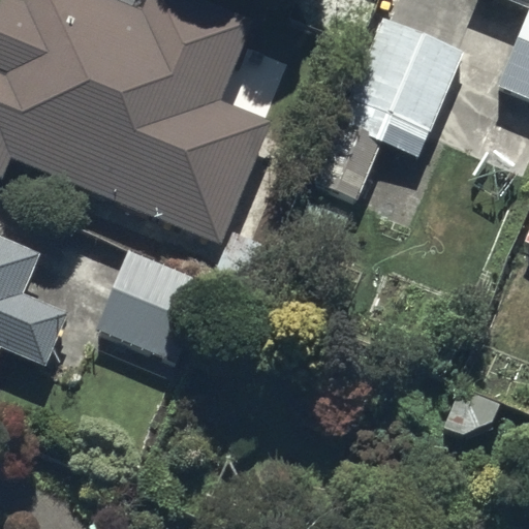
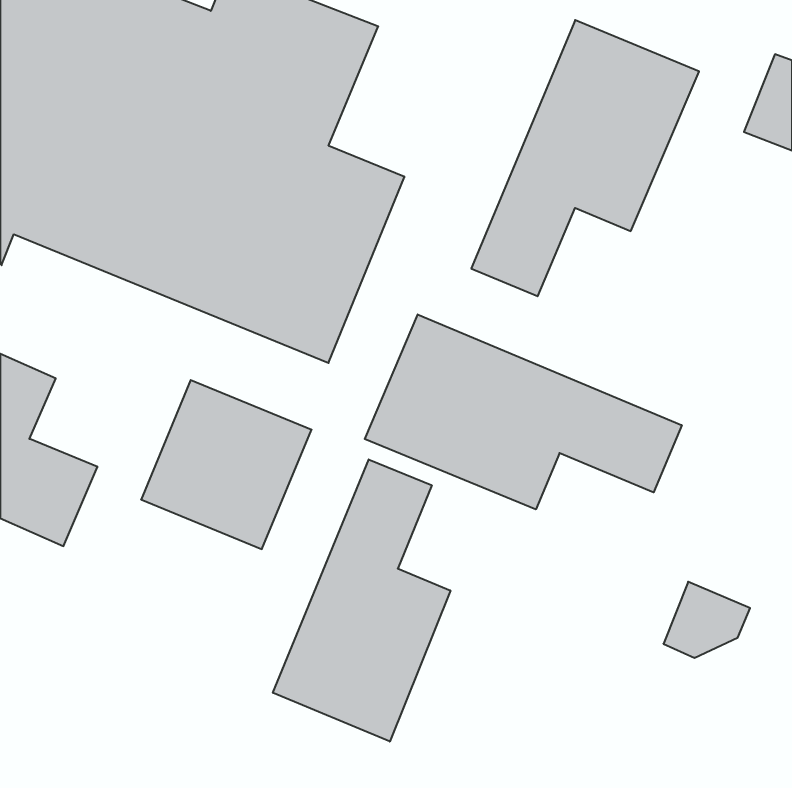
building: none -> [365,314,682,509]
building: none -> [273,459,450,742]

